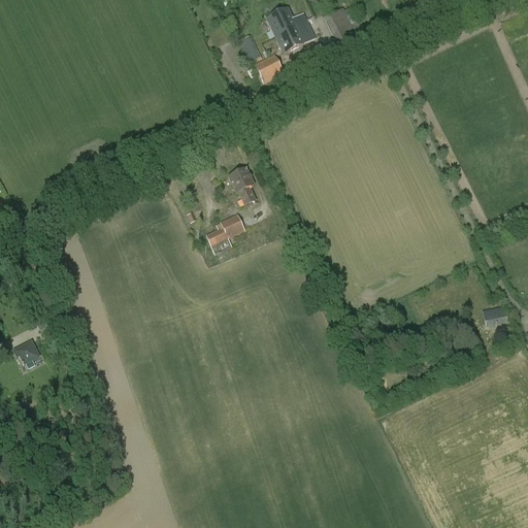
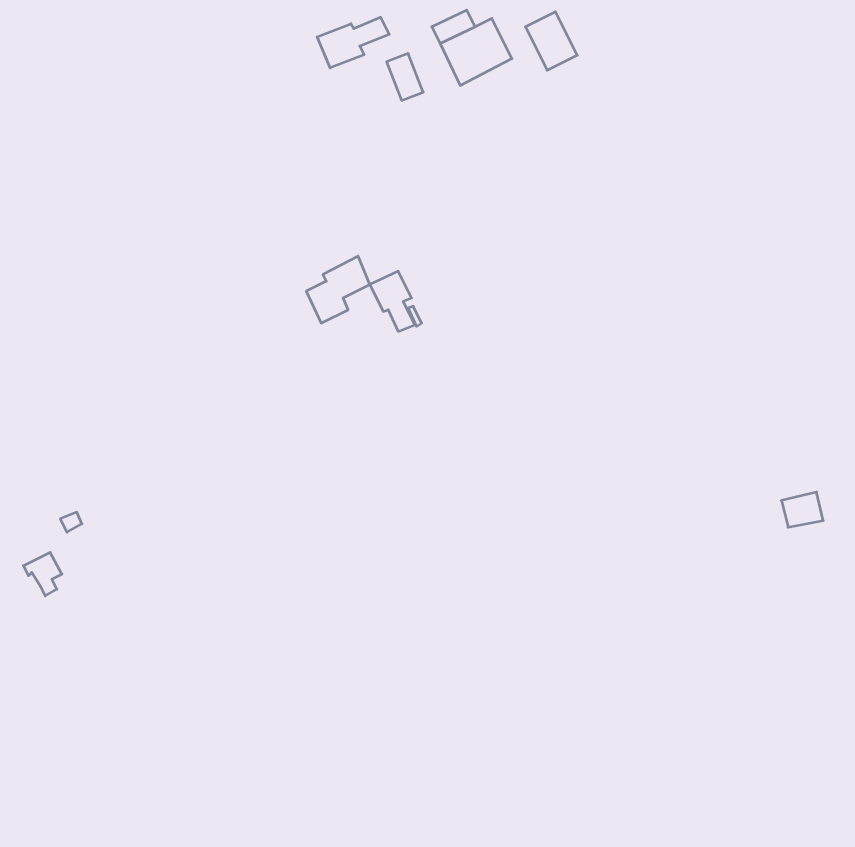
building: none -> [317,17,389,68]
building: [254,53,284,81] -> none
building: [205,211,244,253] -> [306,256,370,323]

